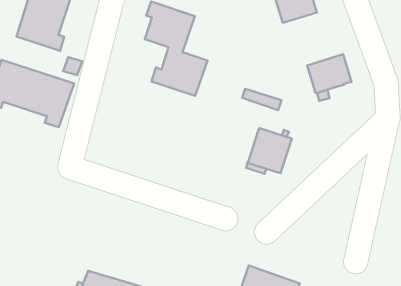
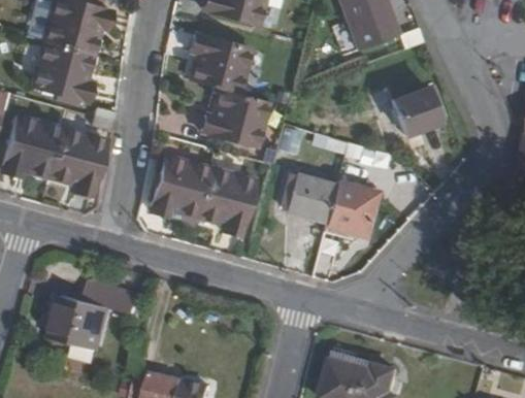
building: none -> [151,156,256,235]
building: none -> [286,172,337,223]
building: none -> [51,281,140,351]

